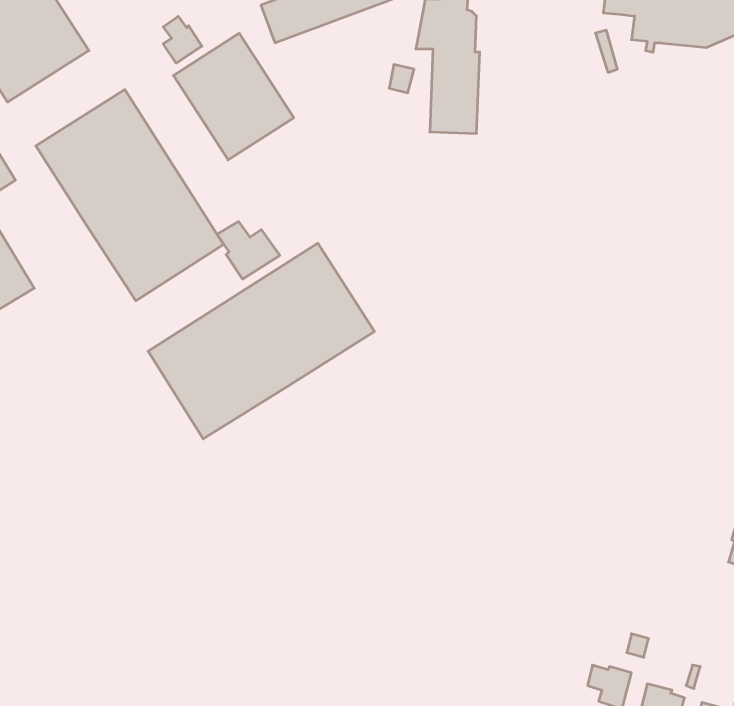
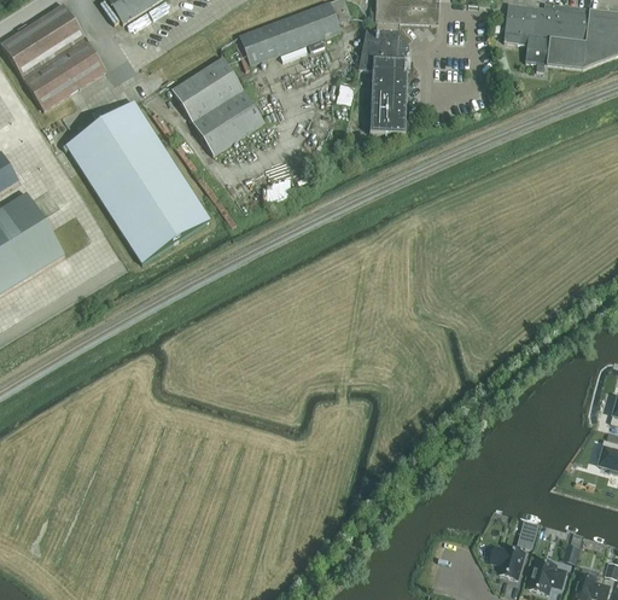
building: [163,16,202,63] -> none
building: [217,222,280,279] -> none
building: [148,243,374,439] -> none

